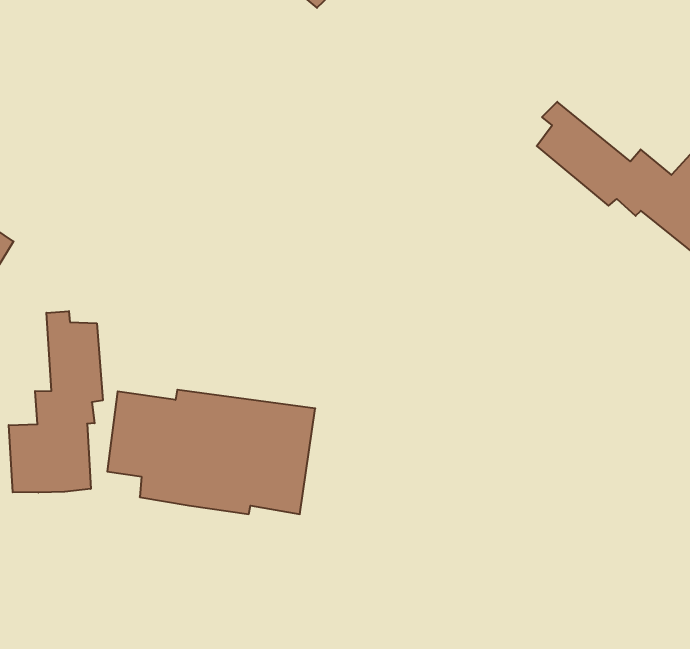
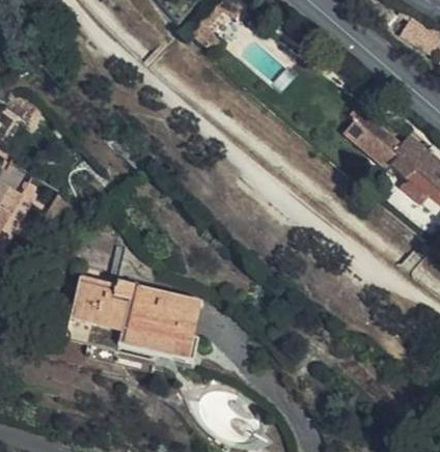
building: [9,311,103,493] -> none

